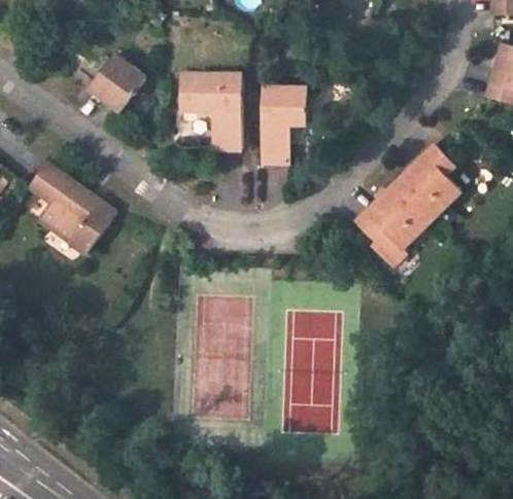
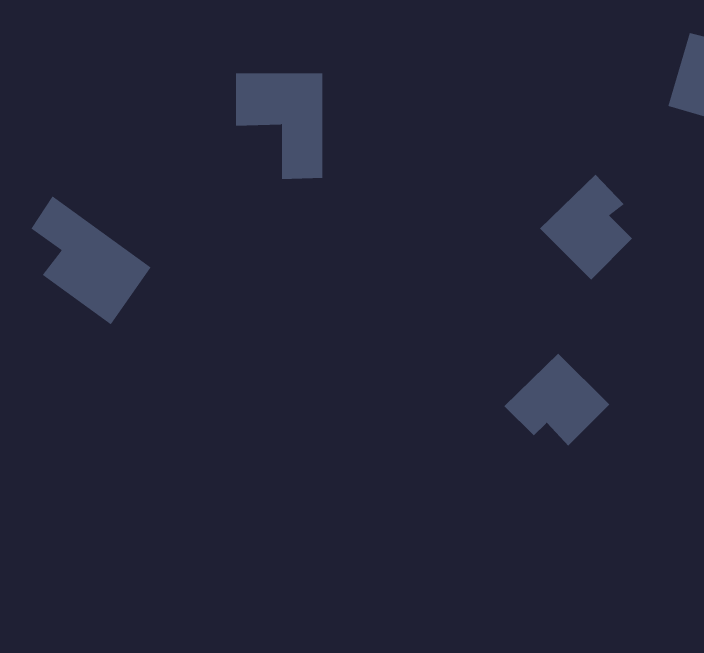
building: [89,52,146,111] -> none
building: [261,86,306,163] -> none
building: [355,184,432,251] -> [503,353,610,446]

